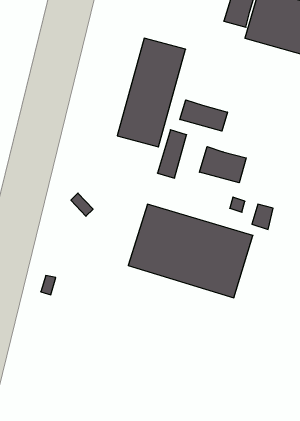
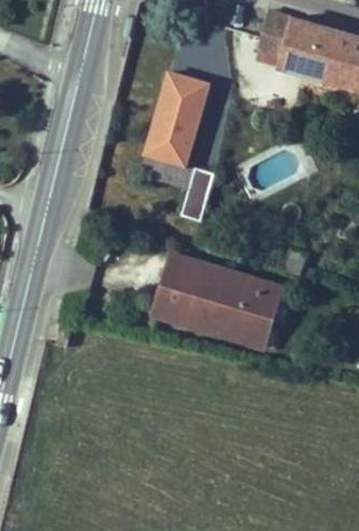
building: [180,100,227,131] -> none
building: [199,147,246,183] -> none

